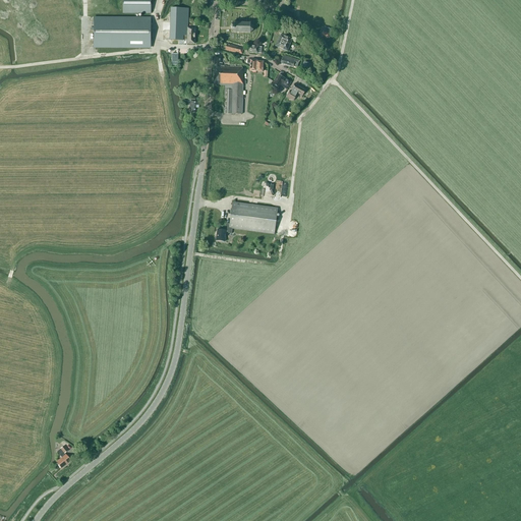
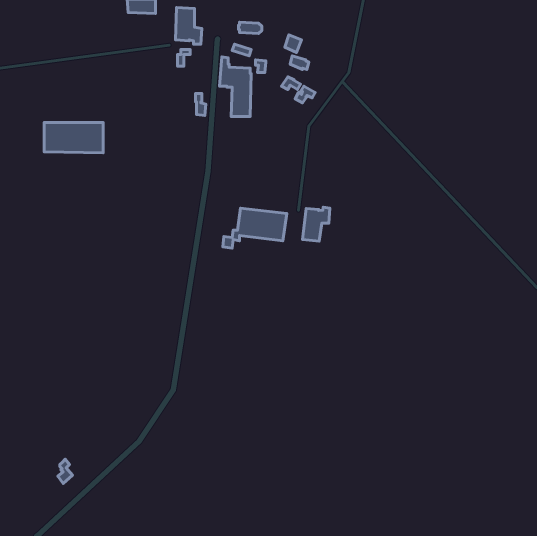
building: [94,17,151,47] -> [44,122,103,153]
building: none -> [303,207,330,241]

